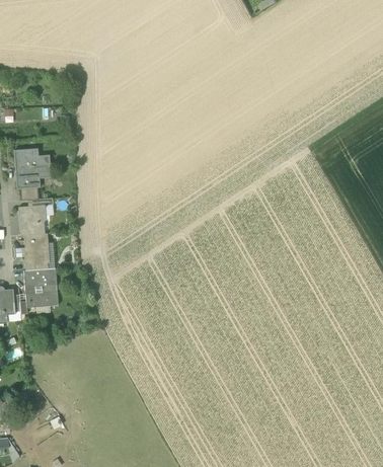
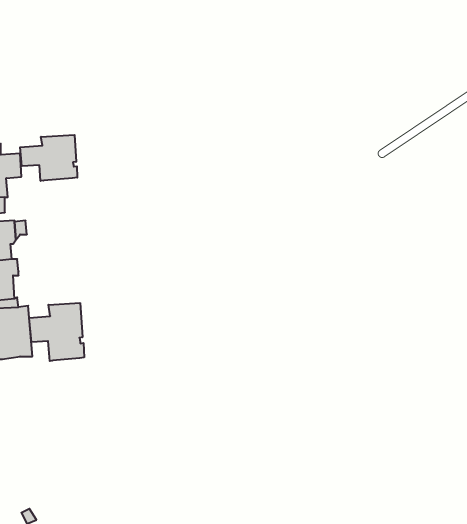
building: none -> [20,135,77,181]
building: none -> [29,303,84,361]

